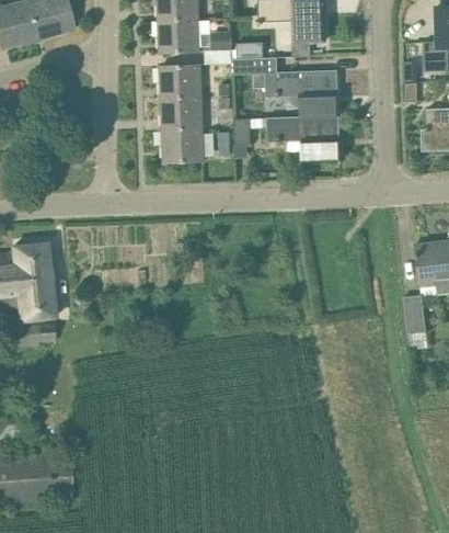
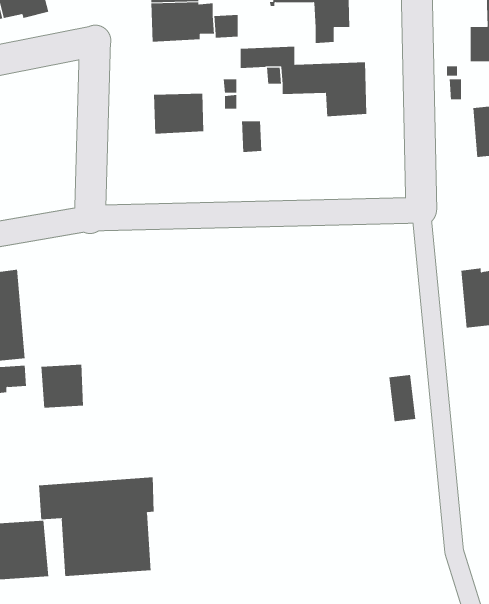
building: [159,64,202,97] -> none
building: [267,113,341,165] -> none
building: [161,127,204,161] -> none
building: [403,294,426,333] -> [389,375,416,422]
building: none -> [41,364,83,409]
building: none -> [39,477,154,577]

